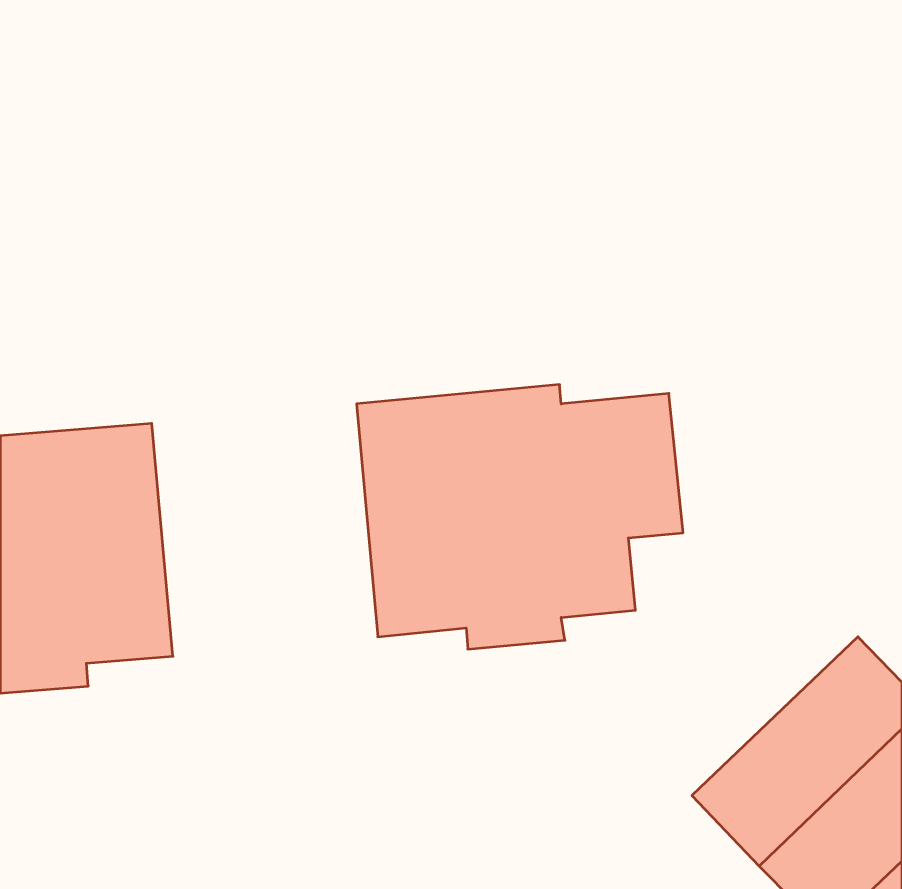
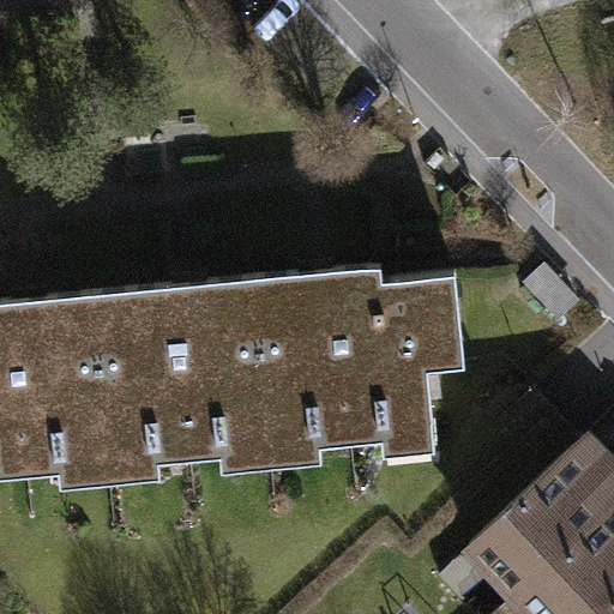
building: none -> [103,283,257,465]

